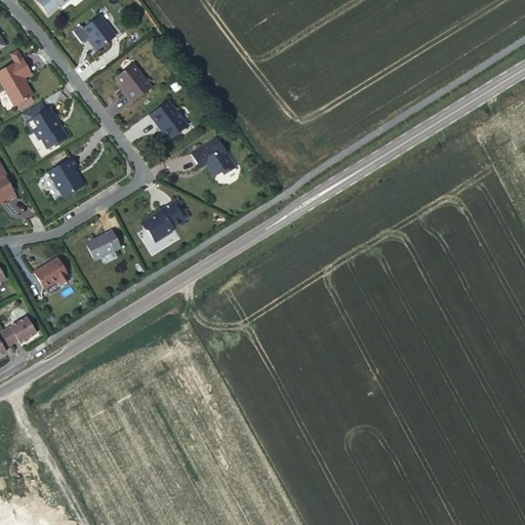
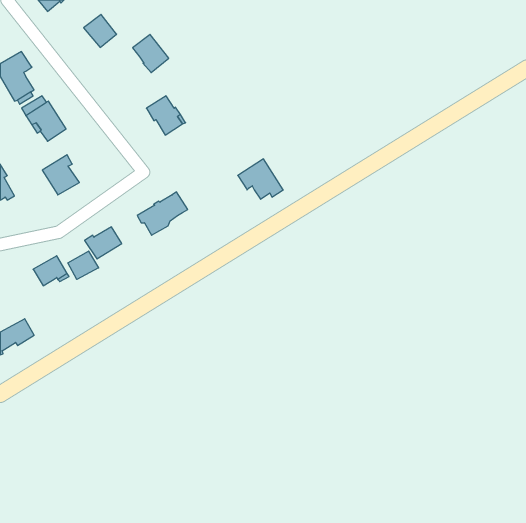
building: [117,67,153,105] -> [133,34,169,73]
building: [186,137,231,177] -> [238,159,283,199]
building: none -> [68,251,99,279]

